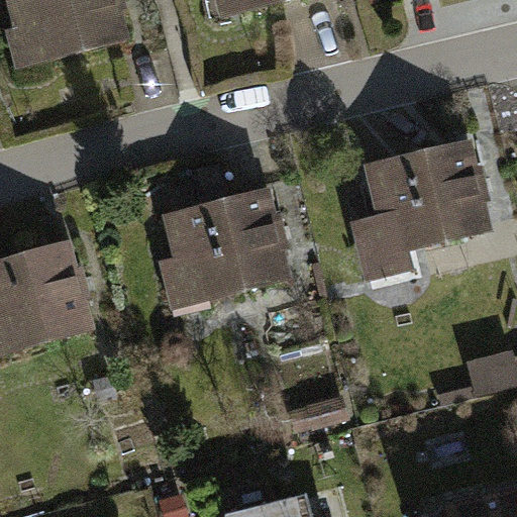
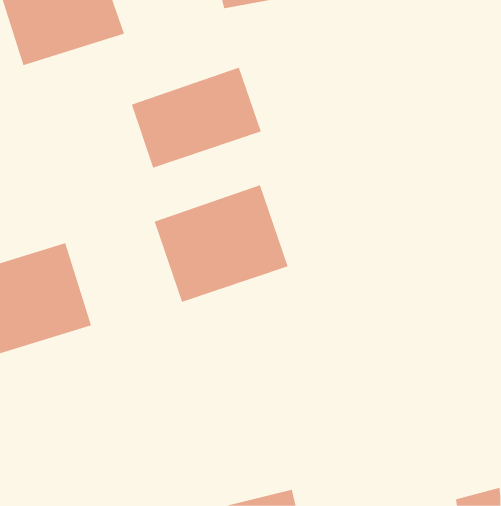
building: none -> [131,67,261,168]
building: [366,138,491,253] -> none

